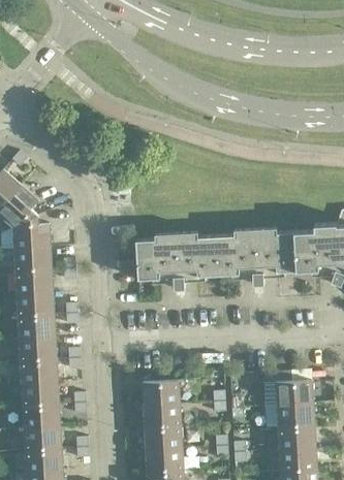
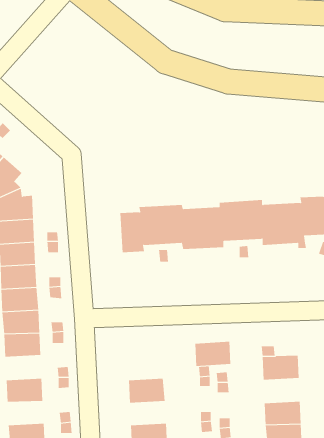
building: [21,381,58,406] -> none
building: [142,381,178,406] -> [195,341,231,366]
building: [276,404,313,428] -> none
building: [23,426,60,450] -> none
building: [144,426,181,450] -> none

